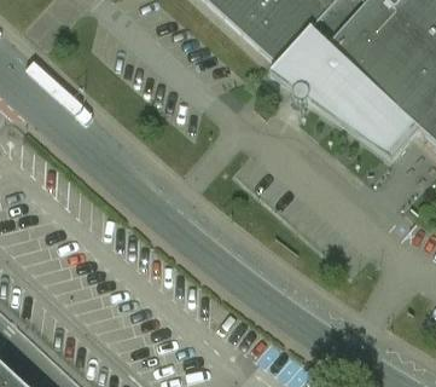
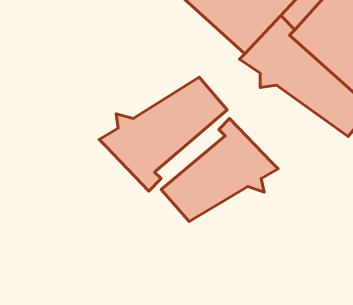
building: none -> [99,77,227,191]
building: none -> [161,119,278,221]

